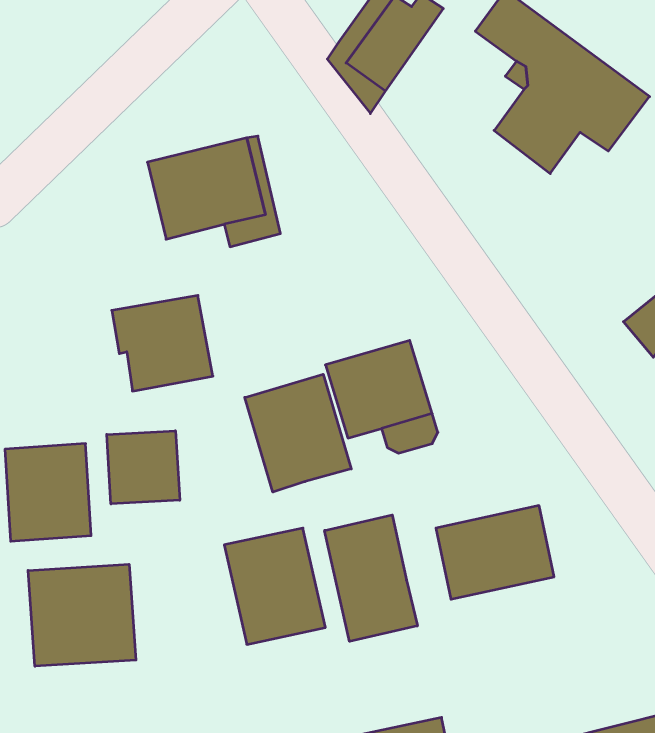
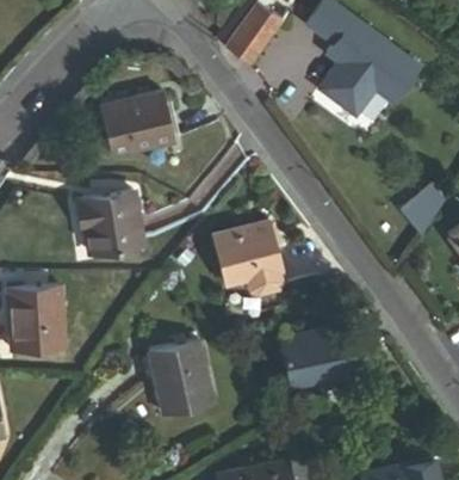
building: [245,374,351,492] -> none
building: [107,431,180,504] -> none
building: [325,515,417,641] -> none
building: [28,564,136,666] -> none

